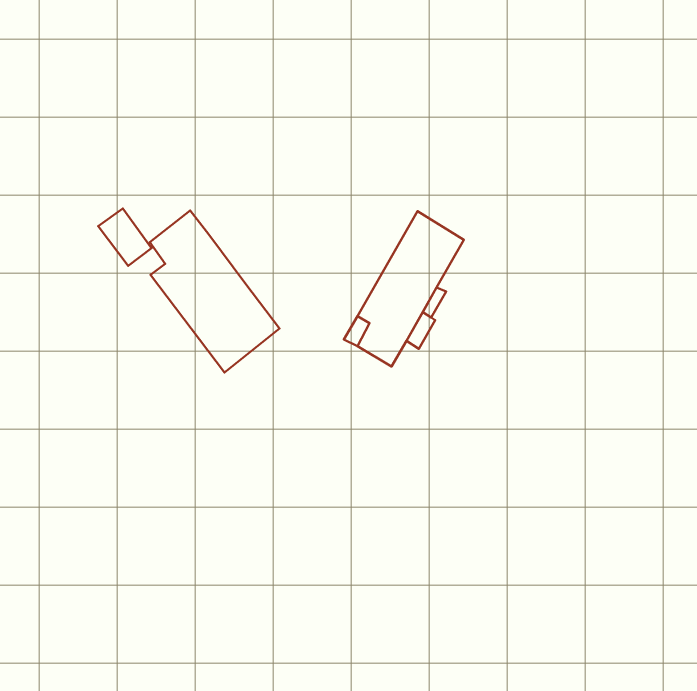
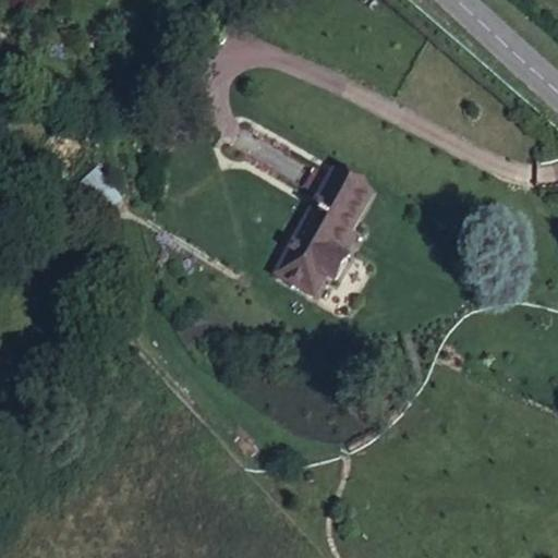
building: [150,210,280,372] -> none

